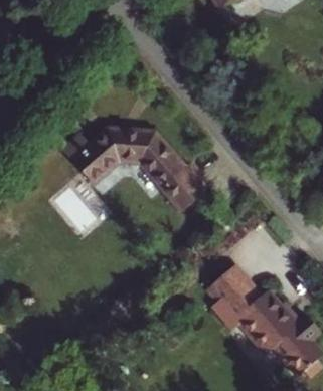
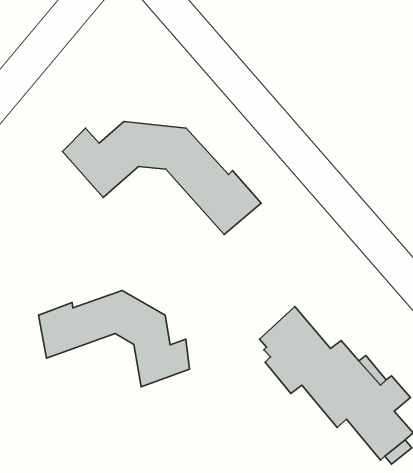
building: none -> [38,291,189,387]

